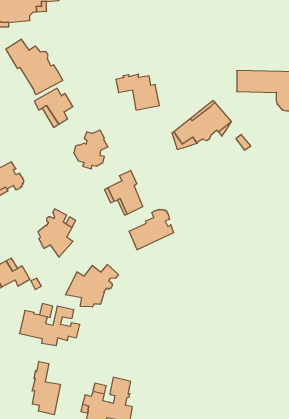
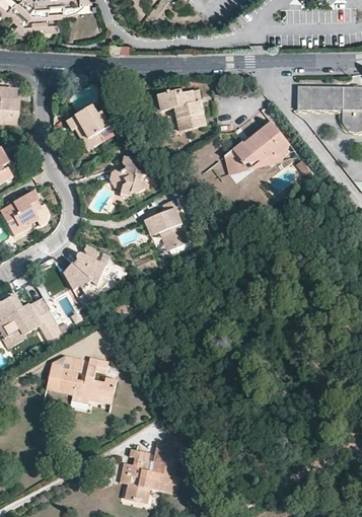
building: [6,39,63,95] -> none
building: [129,209,174,250] -> none
building: [65,265,119,307] -> none
building: [32,361,60,415] -> none

